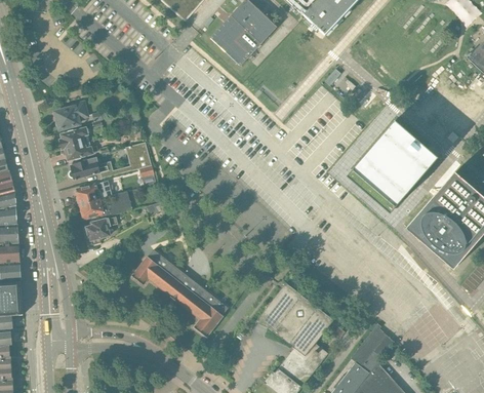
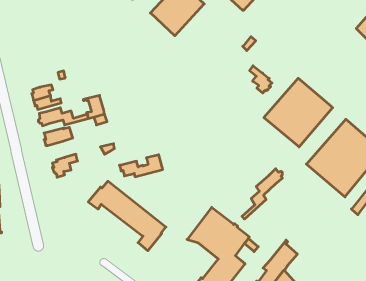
building: none -> [250,66,272,93]
building: [55,107,87,128] -> none
building: [78,191,132,219] -> [119,155,163,177]
building: none -> [242,169,282,219]

